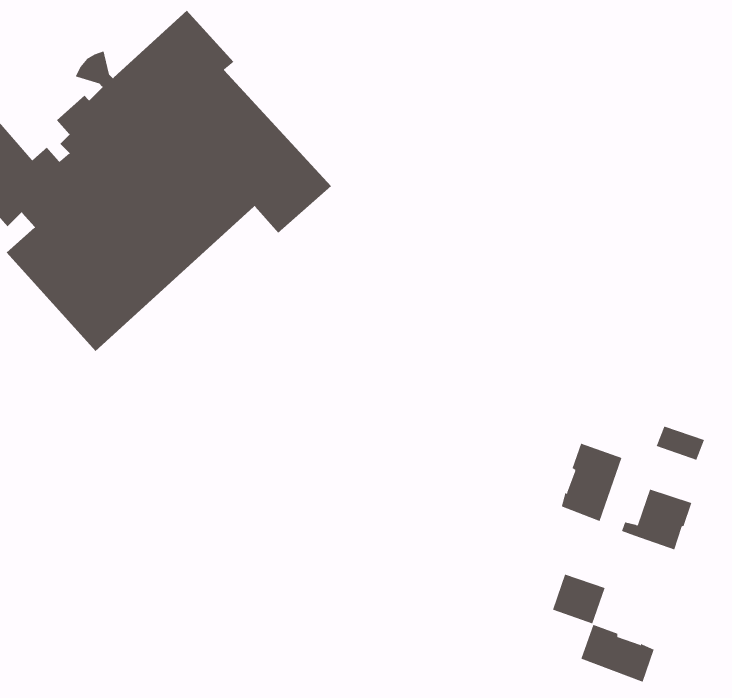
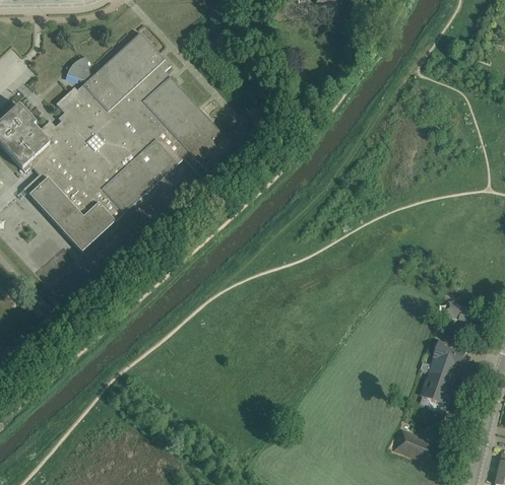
building: [561,443,622,522] -> none
building: [552,574,606,624] -> [420,370,454,403]

